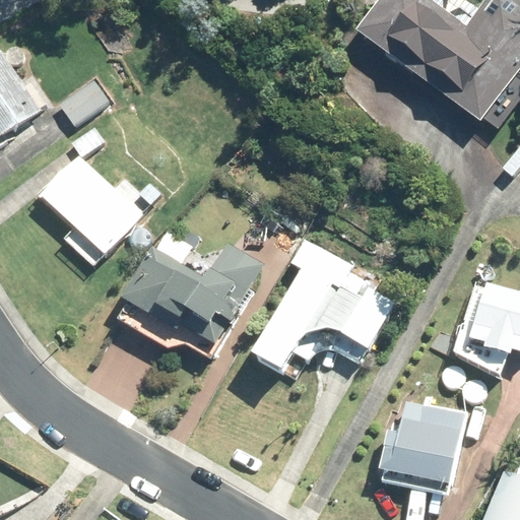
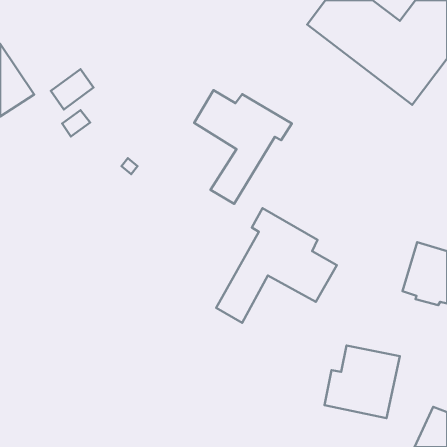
building: none -> [194,90,292,204]
building: [40,156,142,266] -> none
building: [118,239,266,345] -> none

